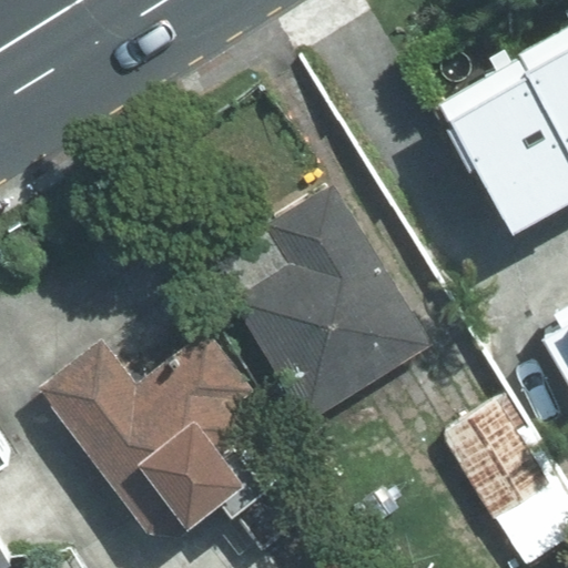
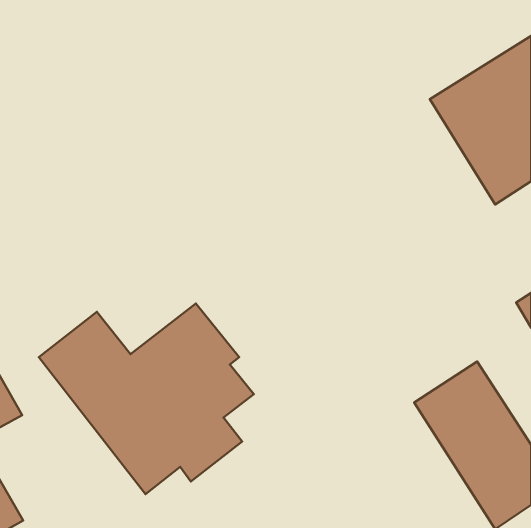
building: [231,185,432,422] -> none

